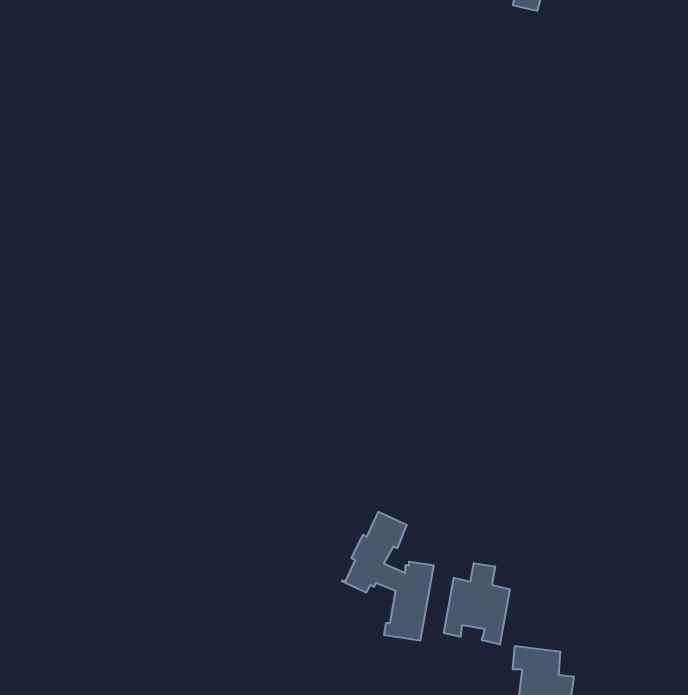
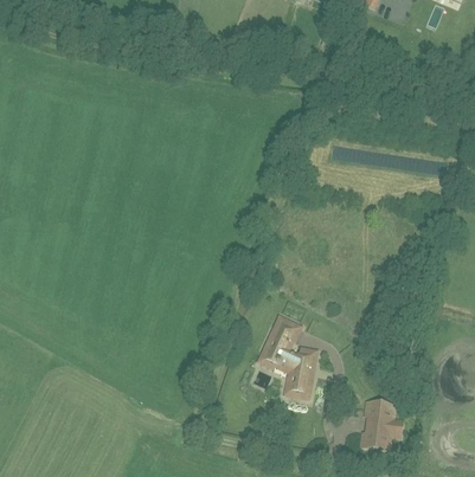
building: [444,563,510,645] -> none

